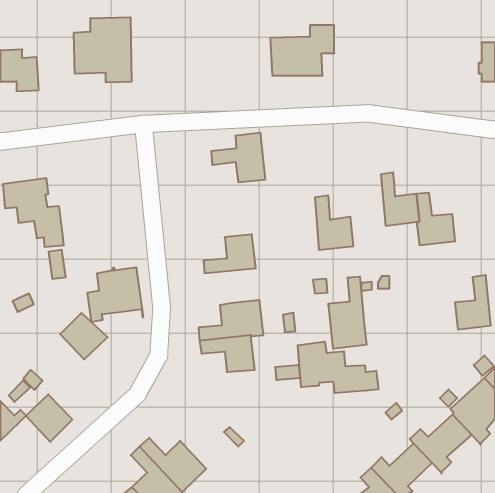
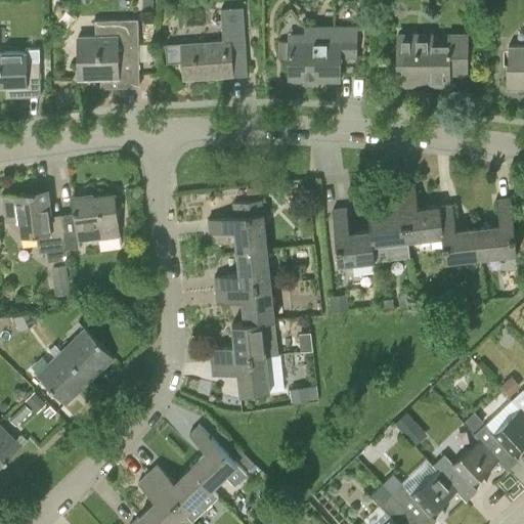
building: none -> [166,9,248,81]
building: none -> [398,34,467,86]
building: [211,133,265,182] -> [209,201,266,253]
building: [87,268,143,322] -> [62,193,122,251]
building: none -> [216,286,274,322]
building: [455,275,491,329] -> [478,200,516,257]
building: [328,277,367,348] -> [368,186,409,262]
building: [298,342,378,393] -> none
building: [26,394,72,442] -> [40,355,89,405]
building: none -> [189,426,246,492]

